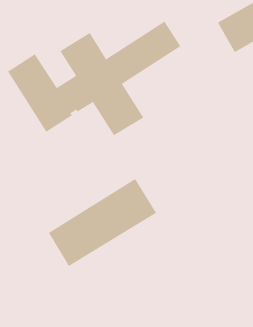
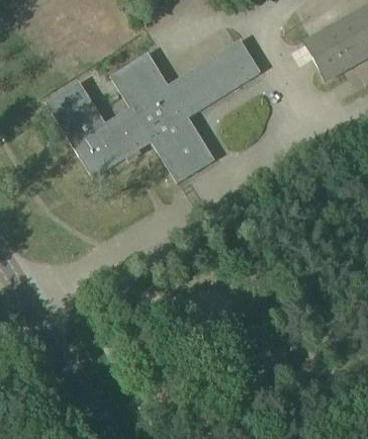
building: [48,178,157,267] -> none

